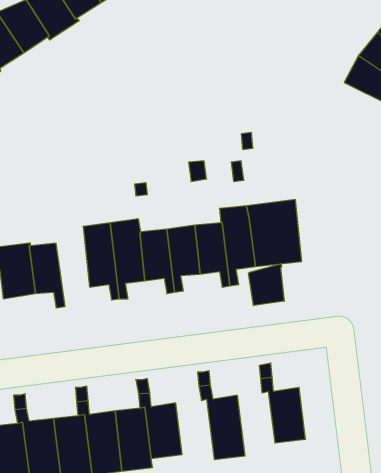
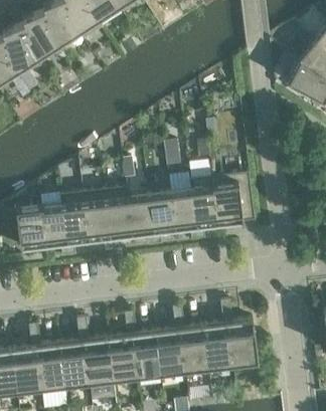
building: none -> [59,193,88,255]
building: [249,264,284,306] -> none
building: none -> [203,322,233,372]
building: none -> [155,328,185,378]

